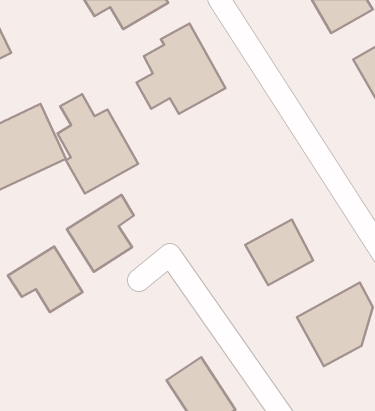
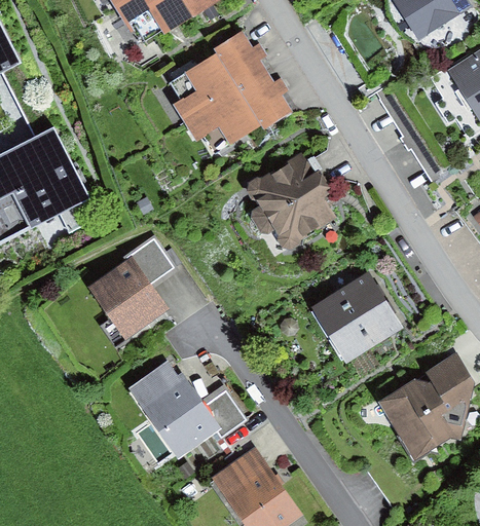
building: [57,94,138,194] -> none
building: none -> [247,158,335,249]
building: [8,246,83,312] -> none
building: none -> [126,356,248,457]

